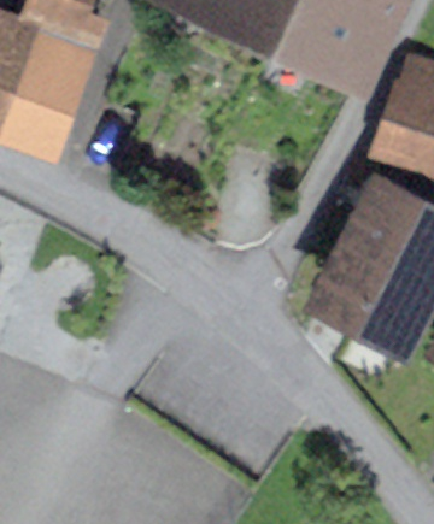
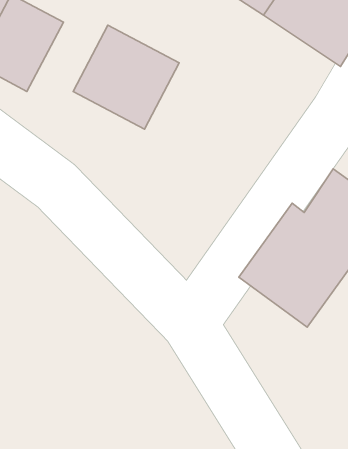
building: none -> [73,25,179,129]

